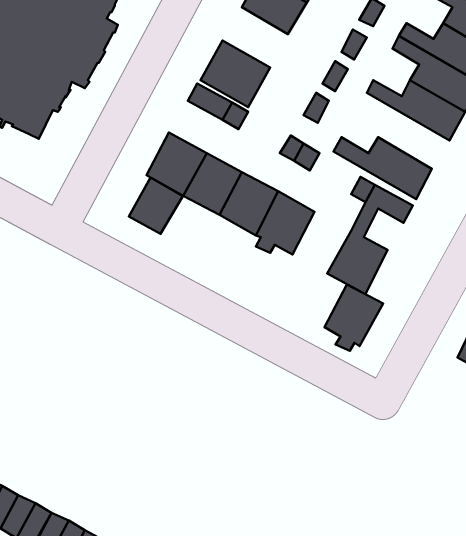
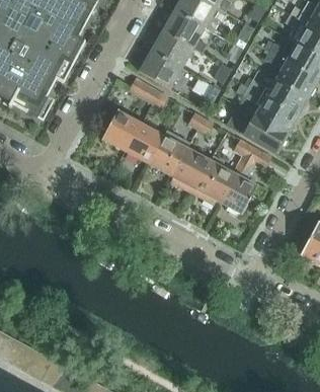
building: none -> [151,29,192,68]
building: none -> [238,84,296,133]
building: [129,178,183,234] -> none
building: [324,284,383,351] -> [195,160,233,203]

